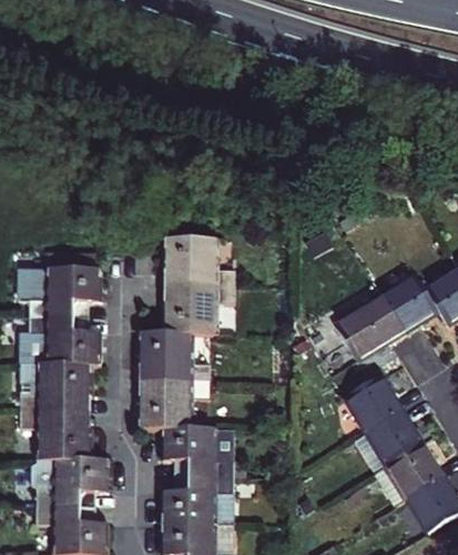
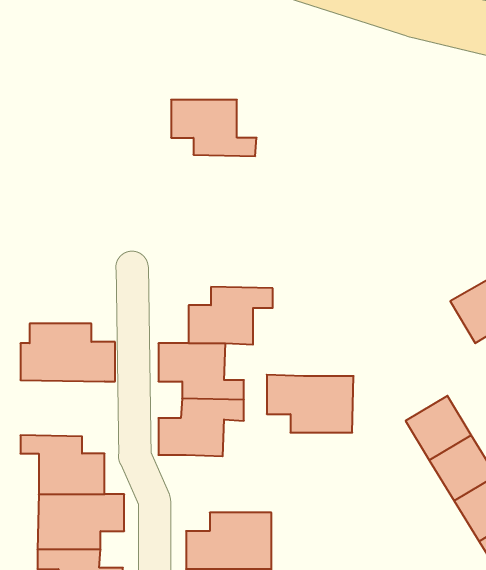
building: [163,236,235,284] -> [171,100,257,156]
building: [21,266,101,314] -> none
building: [335,295,405,360] -> none
building: [21,362,92,410] -> none
building: [161,425,234,474] -> [267,375,354,433]

